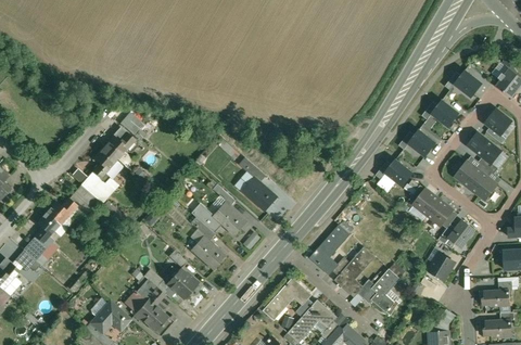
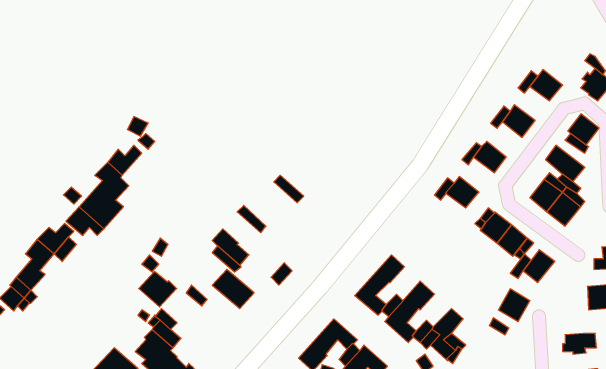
building: [243,178,278,210] -> none
building: [212,203,246,235] -> none
building: [166,269,198,298] -> [139,272,177,307]

